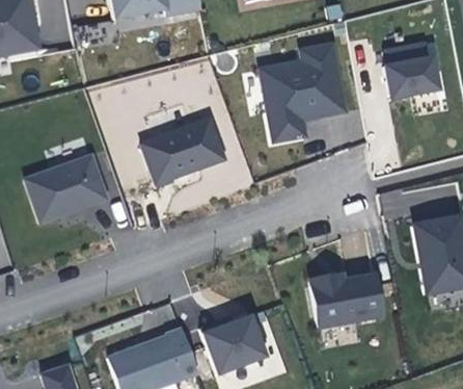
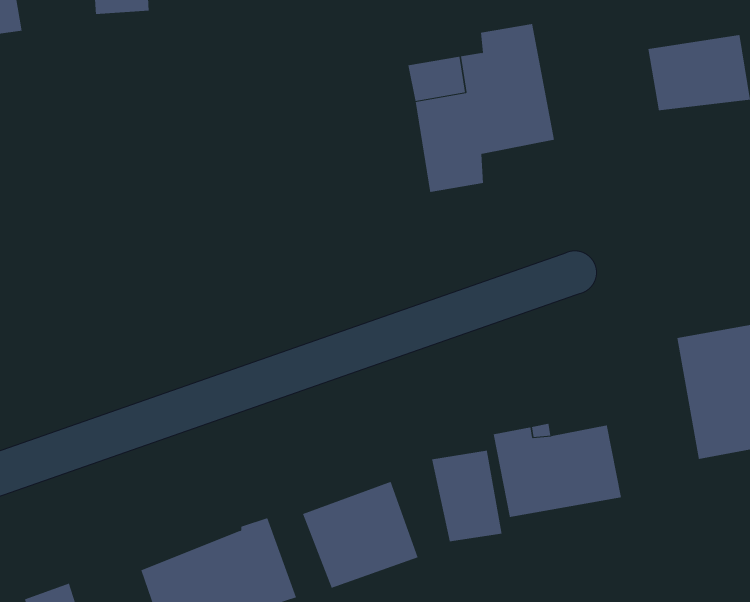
building: [149,118,235,182] -> none
building: [36,154,116,218] -> none
building: none -> [432,450,502,542]

